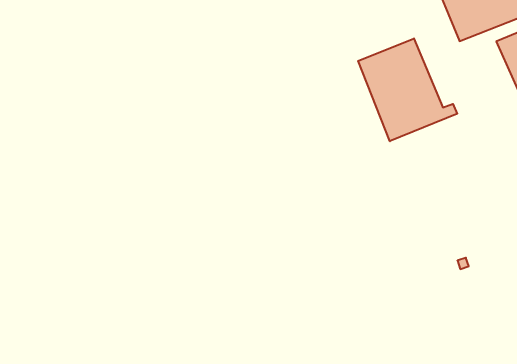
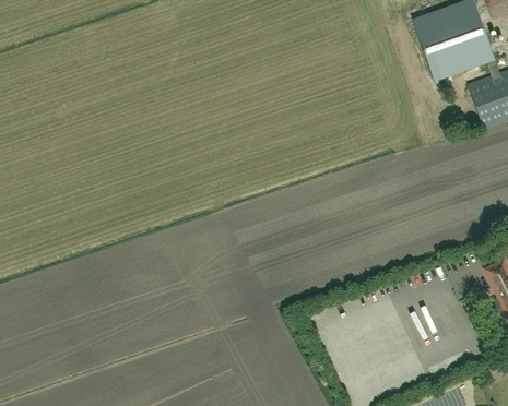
building: [358,38,457,141] -> none

